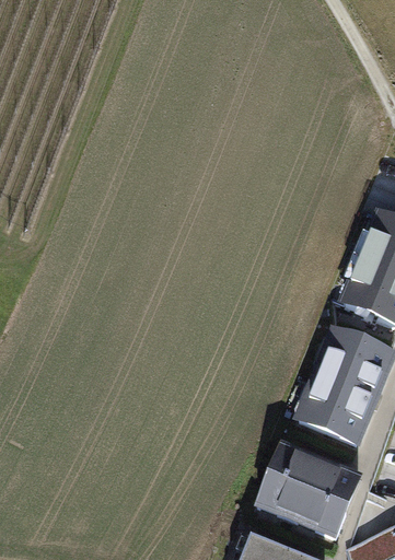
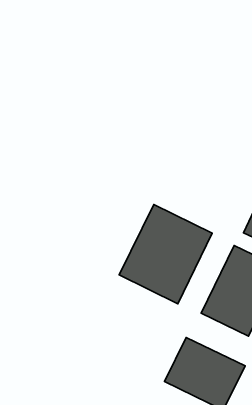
building: none -> [119,204,212,304]

